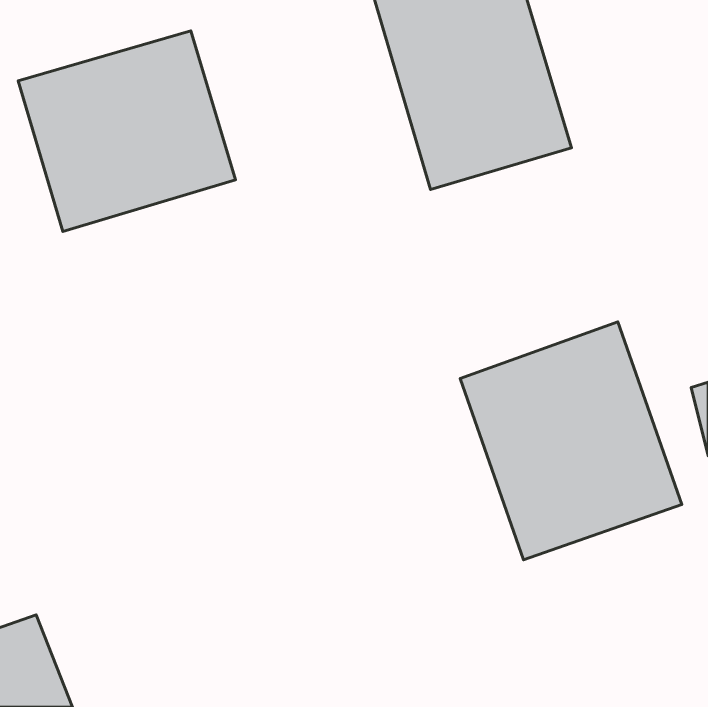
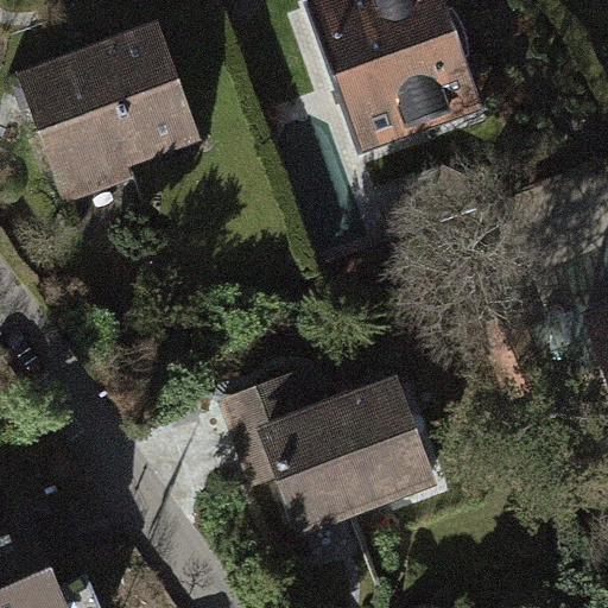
building: [460,322,682,560] -> none
building: none -> [218,370,433,534]

